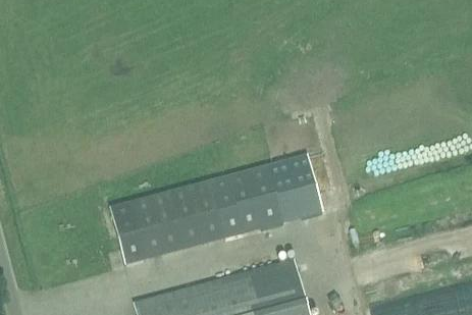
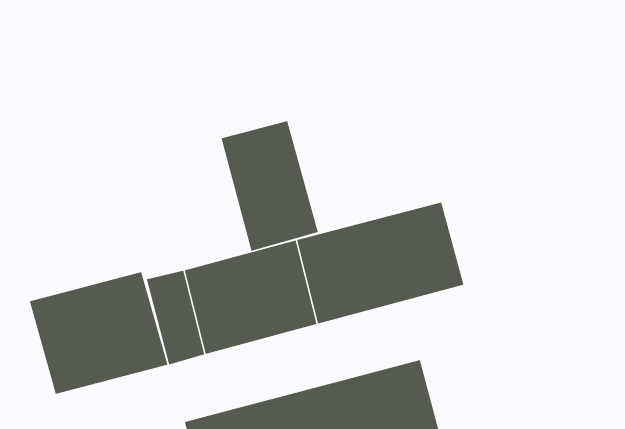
building: none -> [220,120,319,252]
building: none -> [29,271,169,395]

